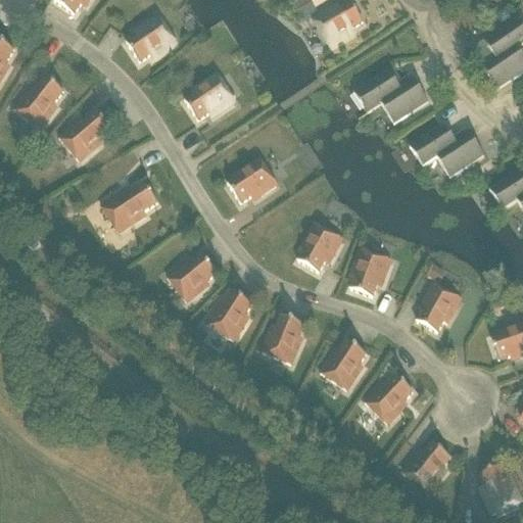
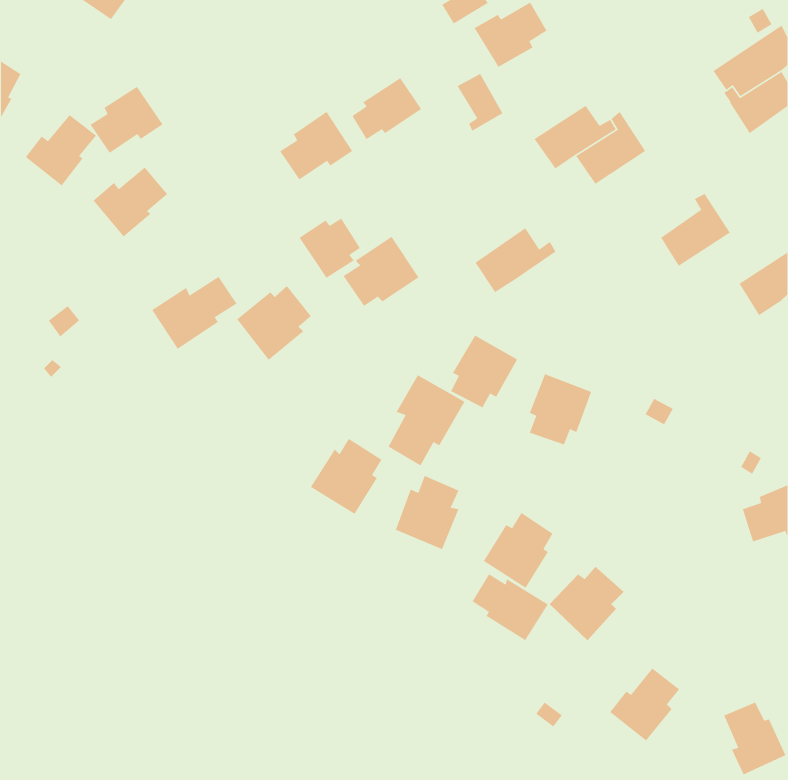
building: [127,16,176,61] -> [90,86,164,154]
building: none -> [457,73,504,132]
building: none -> [351,77,422,140]
building: [410,123,464,167] -> [475,227,556,293]
building: none -> [299,217,361,279]
building: none -> [387,374,466,466]
building: [167,253,217,303] -> [236,285,312,361]
building: [417,282,463,331] -> none
building: none -> [471,573,549,641]

